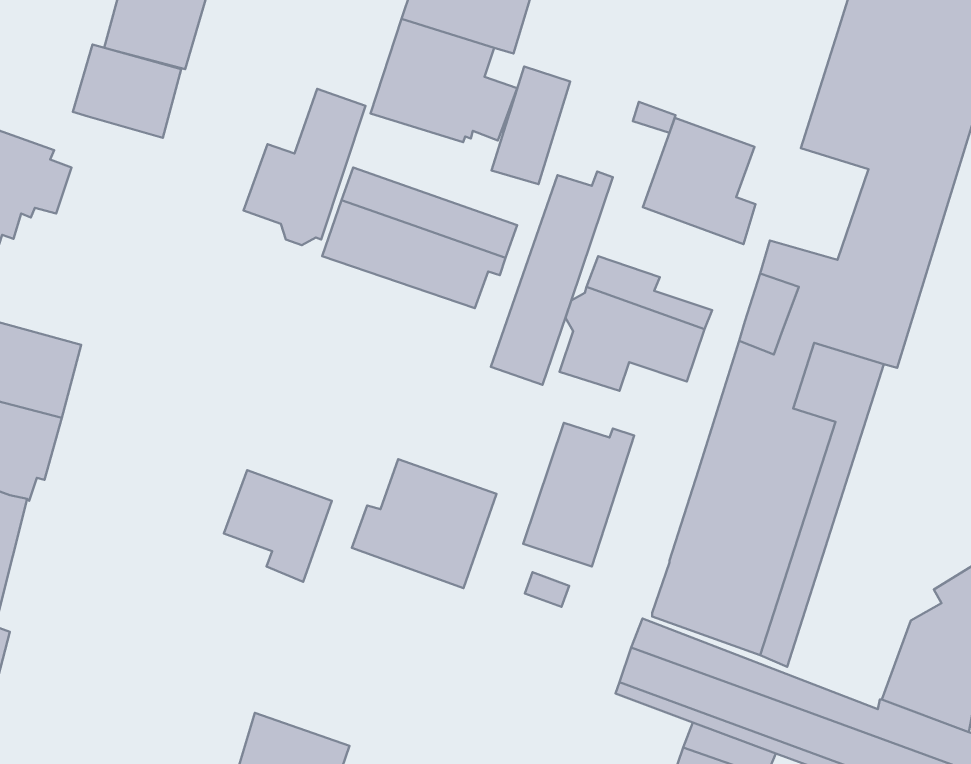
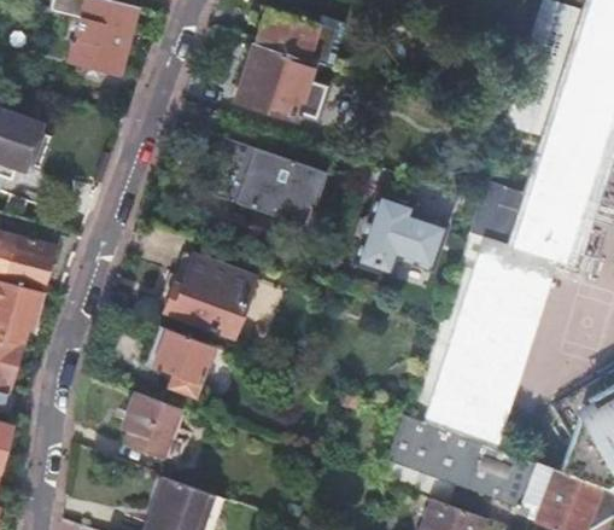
building: [73,45,181,138] -> none
building: [491,66,570,184] -> none
building: [243,89,366,245] -> none
building: [643,118,755,244] -> none
building: [491,172,613,385] -> none
building: [523,423,634,567] -> none
building: [352,459,496,588] -> [164,256,255,337]
building: none -> [122,394,180,456]

